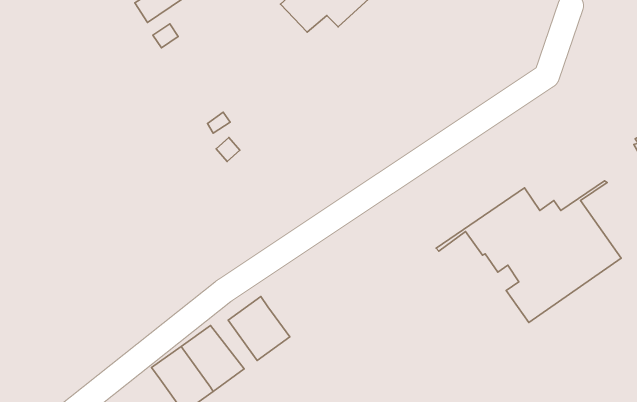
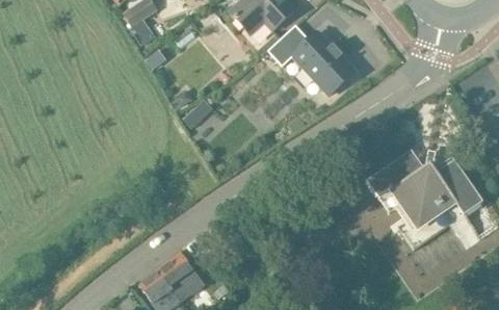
building: none -> [268,24,354,94]
building: [228,297,290,361] -> none

